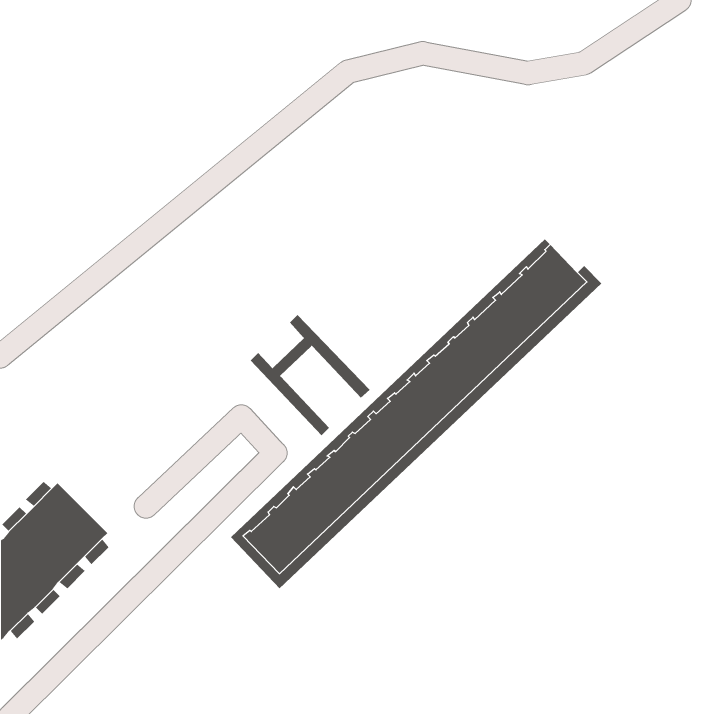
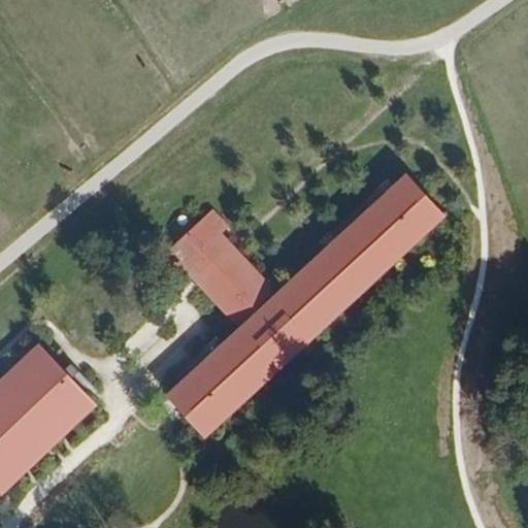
building: none -> [164,208,227,272]
building: none -> [207,257,266,317]

